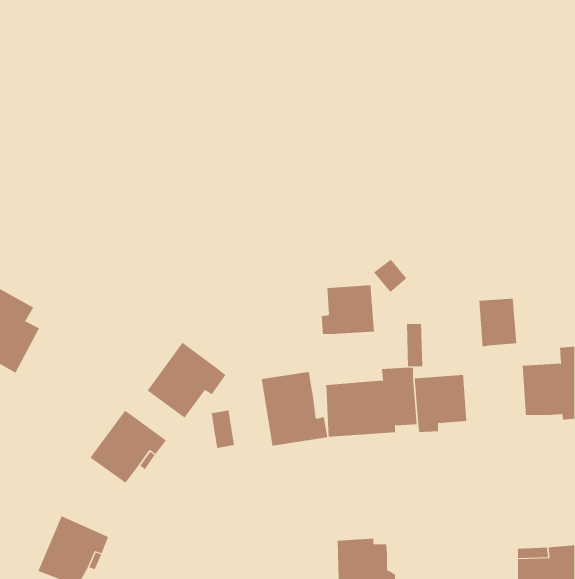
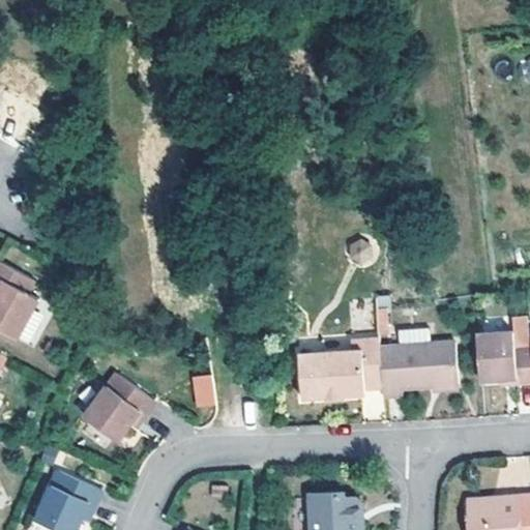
building: [321,284,374,335] -> none
building: [478,298,517,347] -> [423,341,459,385]
building: [147,342,226,419] -> none
building: [261,371,328,447] -> none

